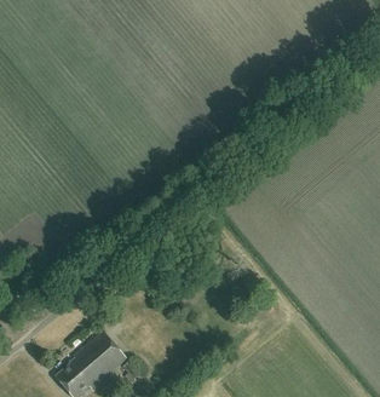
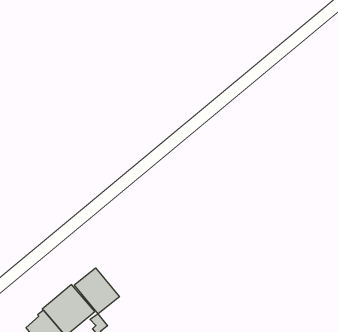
building: none -> [74,268,119,314]

